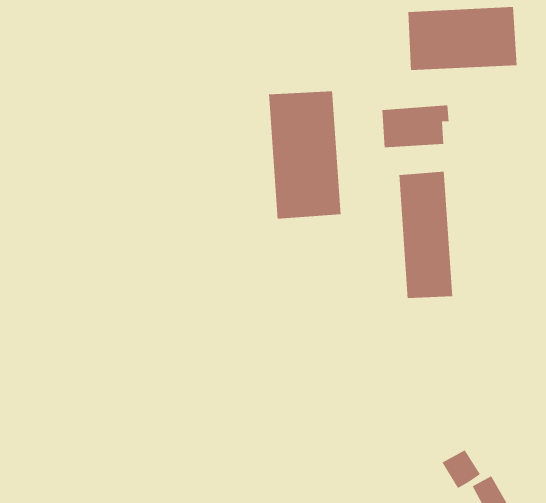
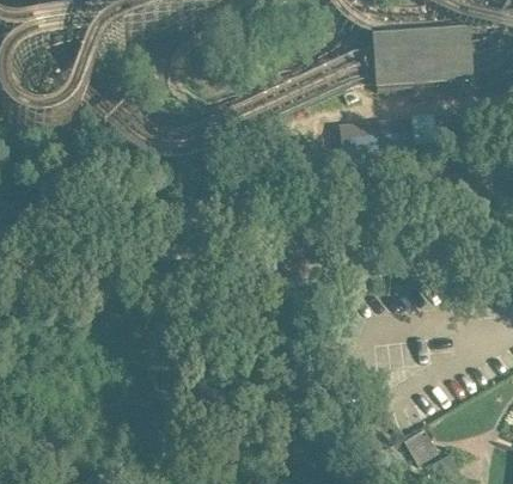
building: [269,90,341,220] -> none
building: [399,171,453,299] -> none

